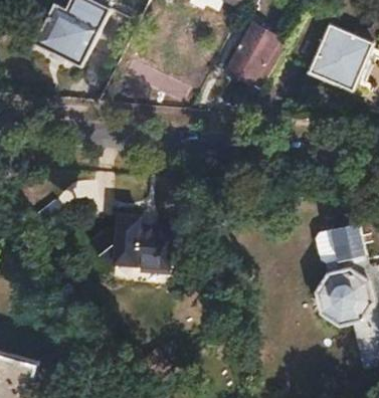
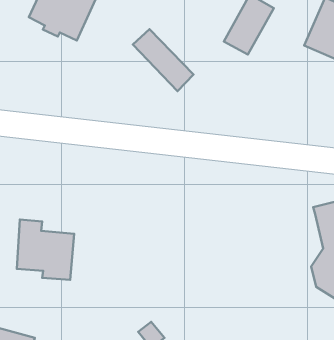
building: none -> [133,29,194,91]
building: [115,213,172,273] -> [17,220,74,280]

